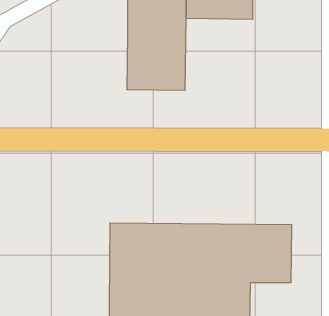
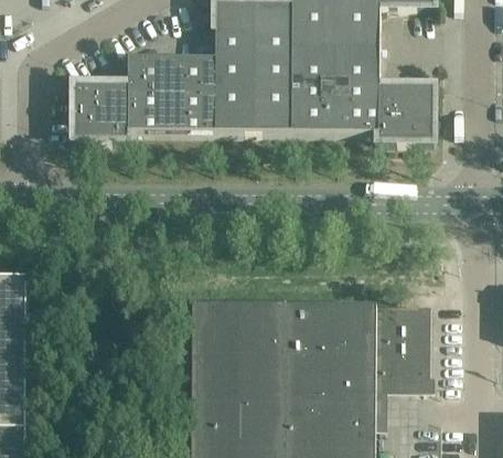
building: none -> [290,35,432,138]
building: none -> [73,54,215,137]

